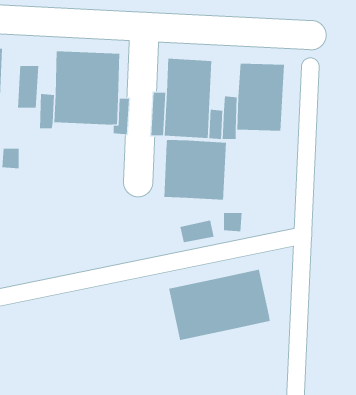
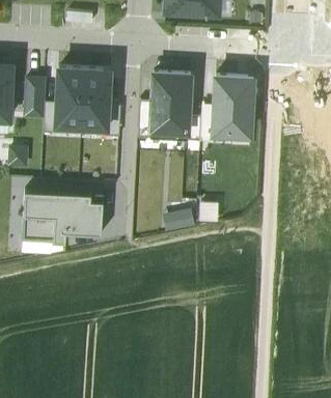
building: [164,139,226,201] -> none
building: none -> [23,190,105,241]
building: [168,269,270,341] -> none

